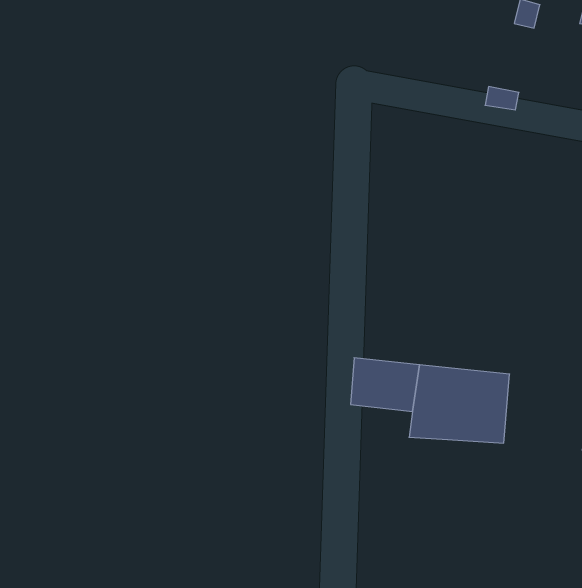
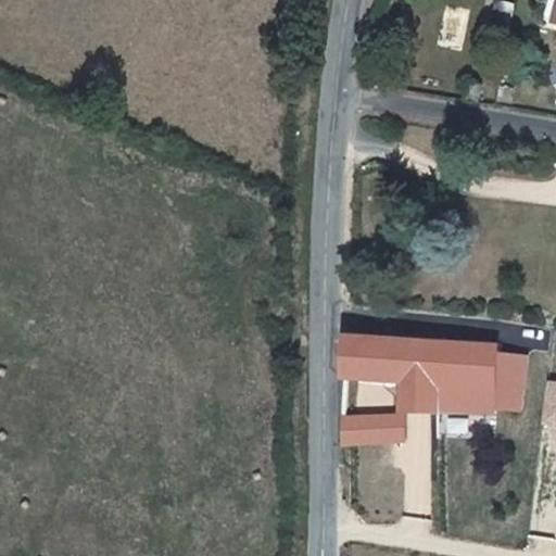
building: none -> [482,348,520,413]
building: none -> [357,412,406,441]

